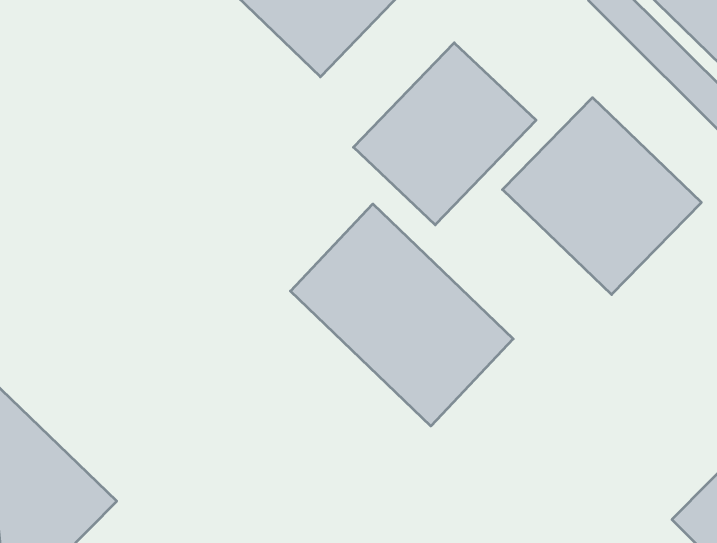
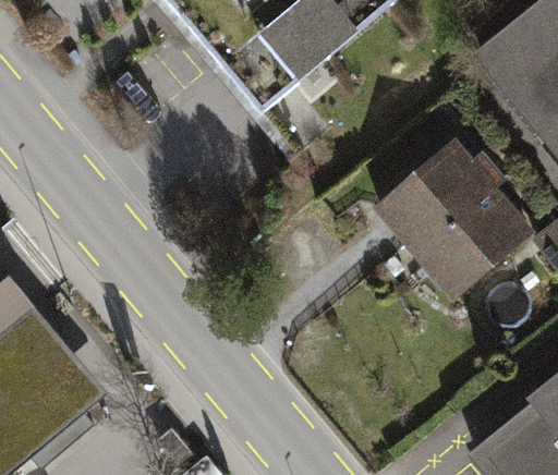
building: [353,43,536,225] -> none
building: [290,204,513,426] -> none

